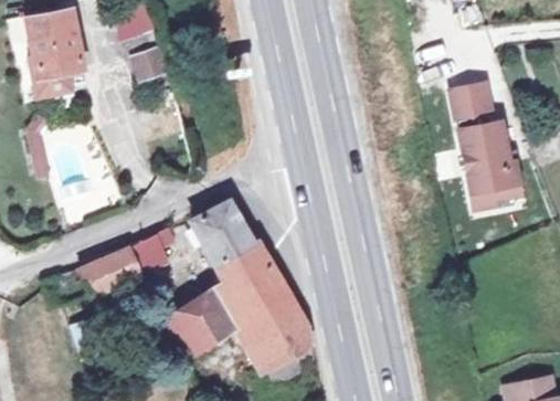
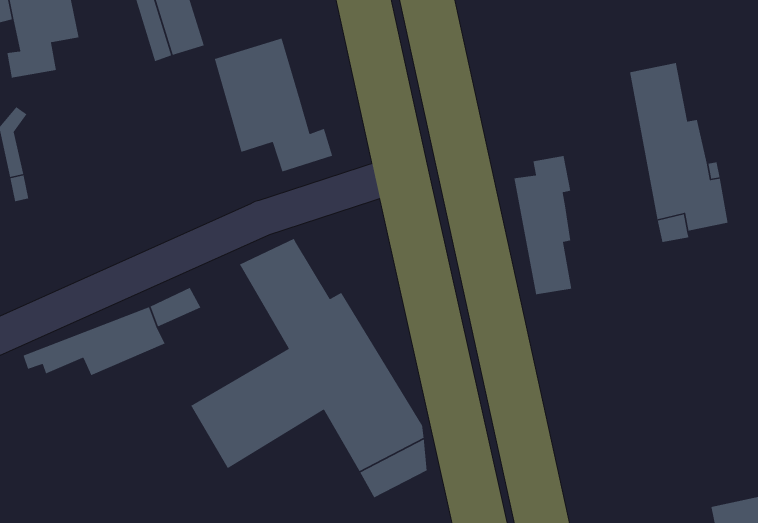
building: none -> [214,37,333,173]
building: none -> [513,155,572,295]

